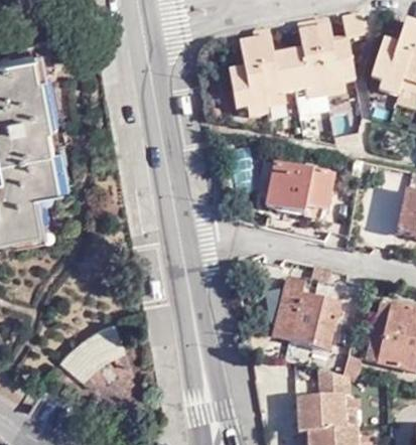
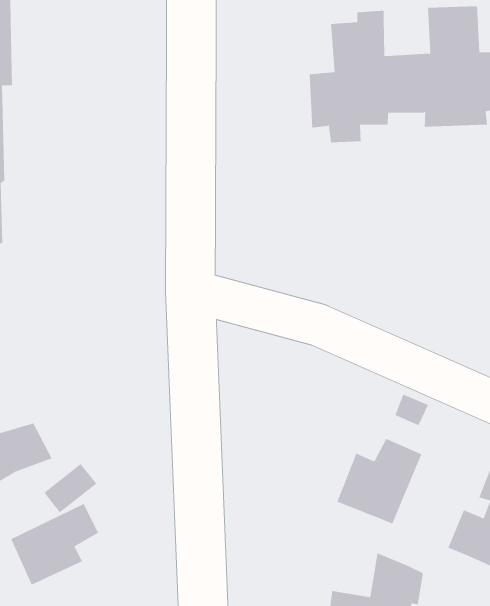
building: [266,163,332,213] -> none
building: [274,277,315,341] -> none
building: none -> [10,503,99,585]

